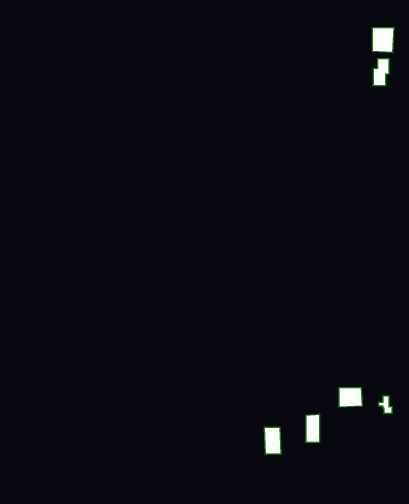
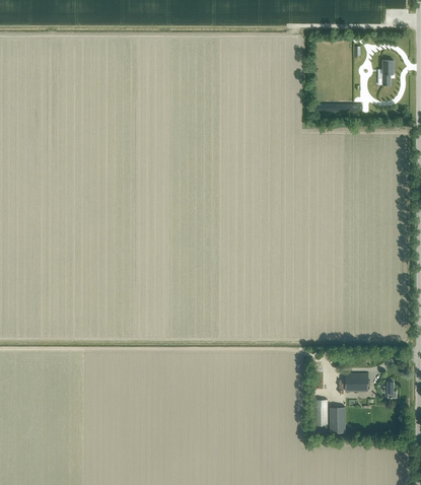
building: [372,28,394,53] -> none
building: [264,427,281,454] -> [330,407,346,432]

